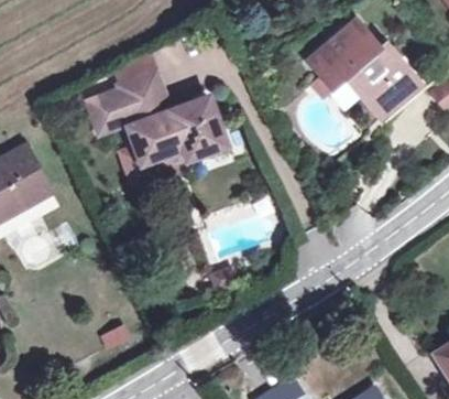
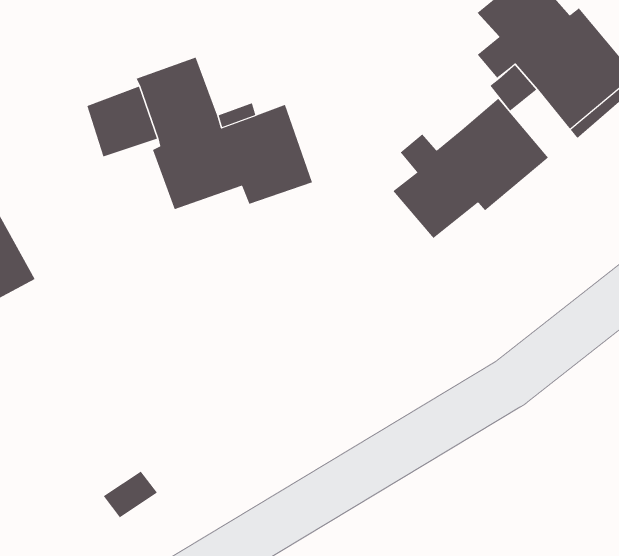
building: none -> [392,98,549,239]

